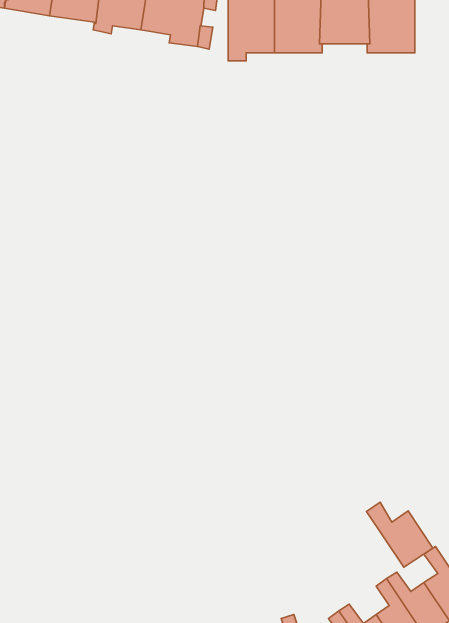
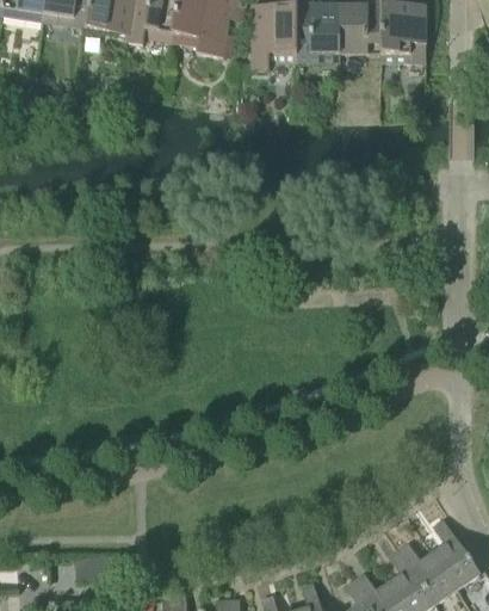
building: [367,502,433,567] -> none

